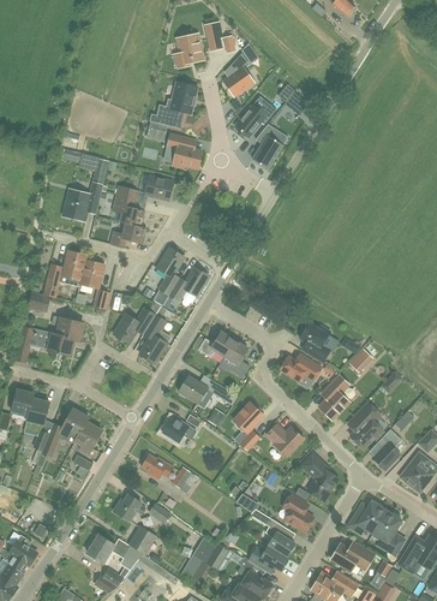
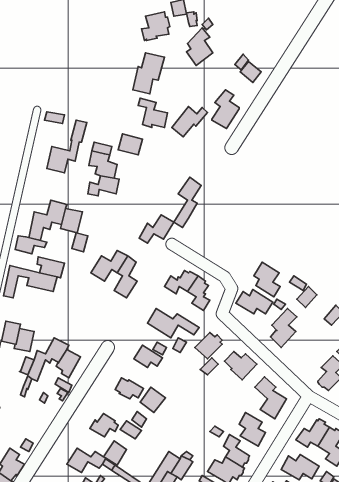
building: [234,102,275,137] -> [172,106,207,137]
building: [151,246,182,304] -> [174,177,201,228]
building: [347,403,382,447] -> none

